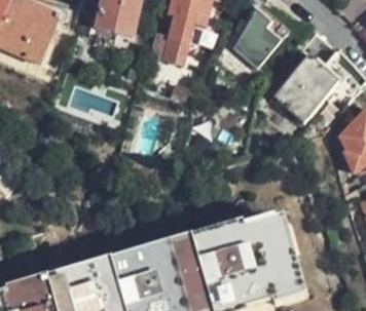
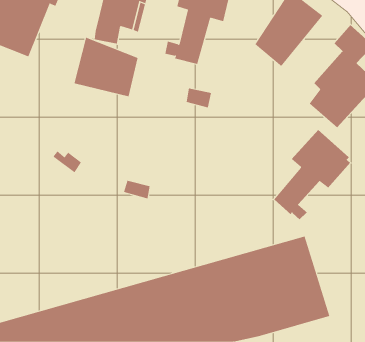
building: none -> [74,37,138,97]
building: none -> [273,129,351,220]

